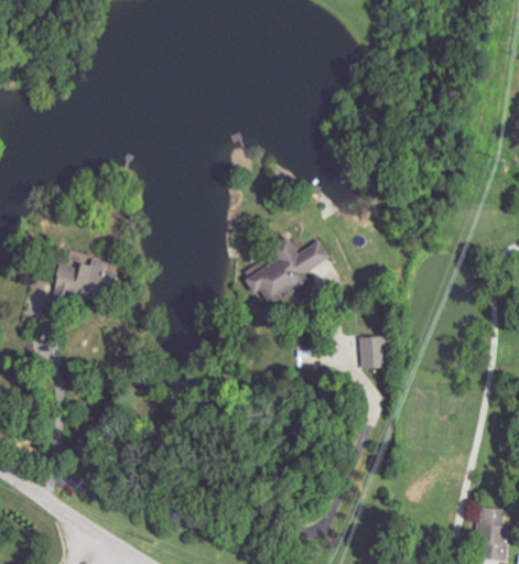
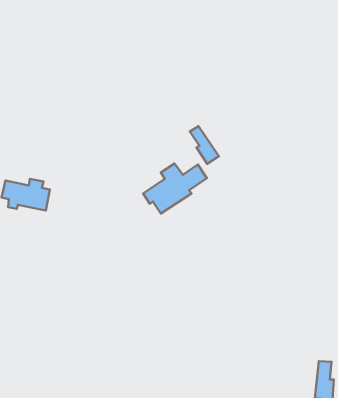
building: none -> [190,126,219,164]
building: [360,337,381,368] -> none

